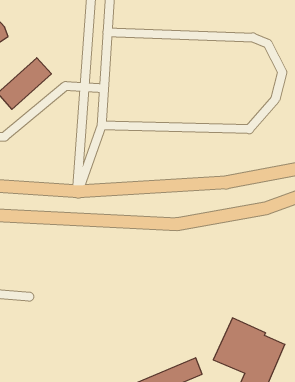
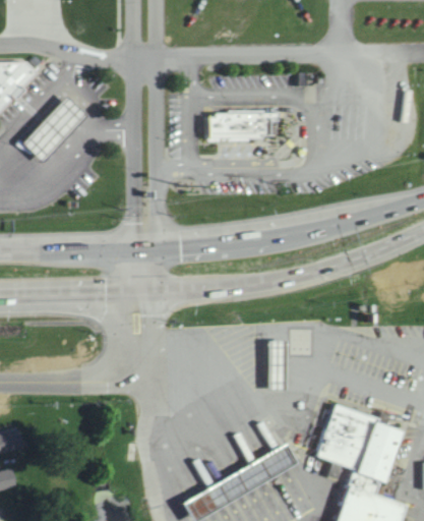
building: none -> [198,110,262,133]

